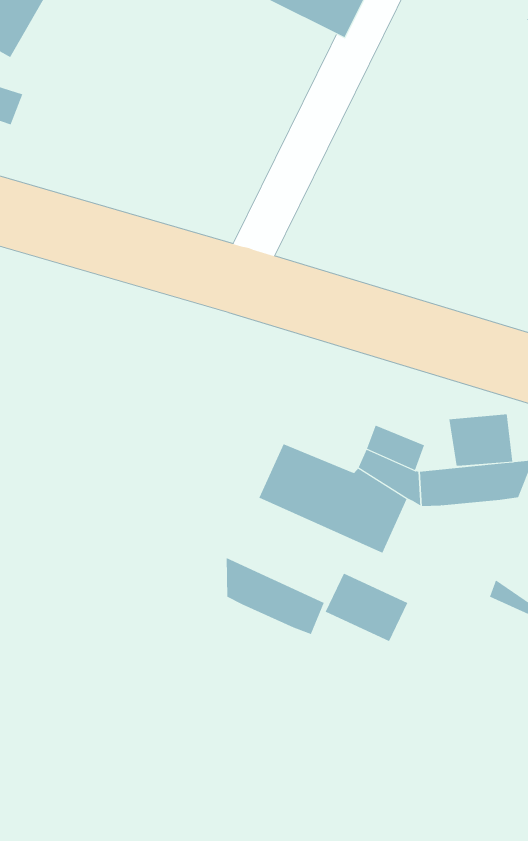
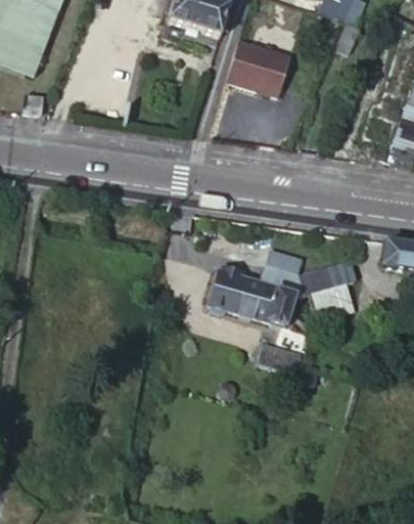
building: none -> [226,41,289,95]
building: [448,414,513,466] -> [313,283,353,317]
building: [226,557,324,635] -> none

